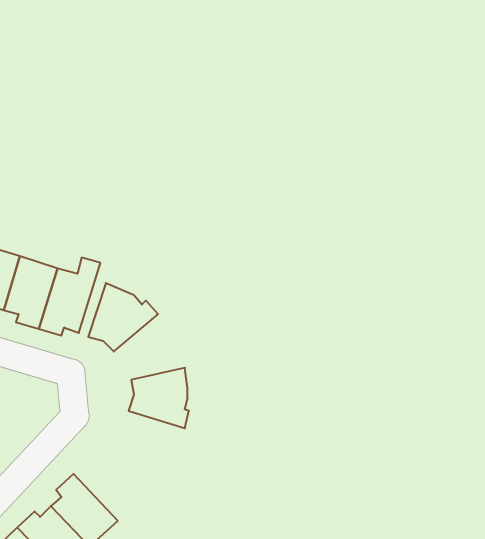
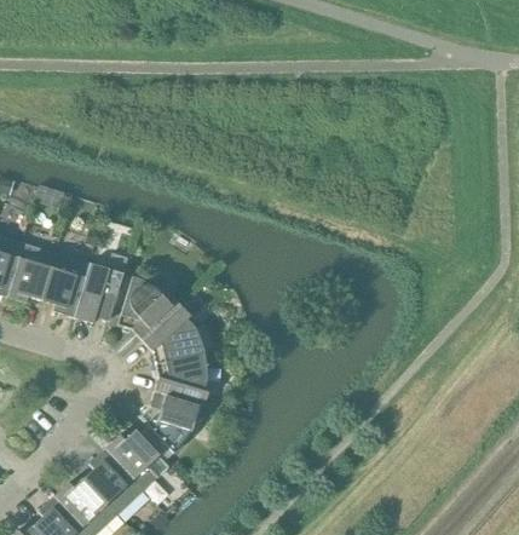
building: none -> [140,305,204,364]
building: none -> [139,392,204,454]
building: none -> [104,430,169,491]

